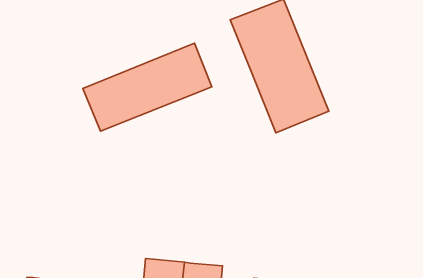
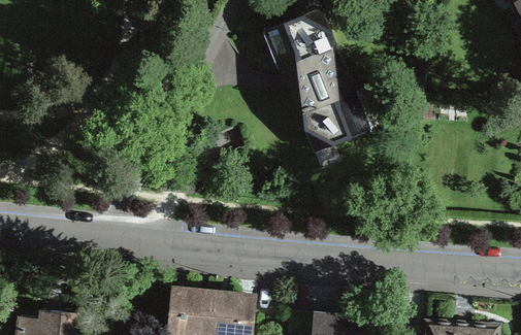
building: [83,43,212,131] -> none

